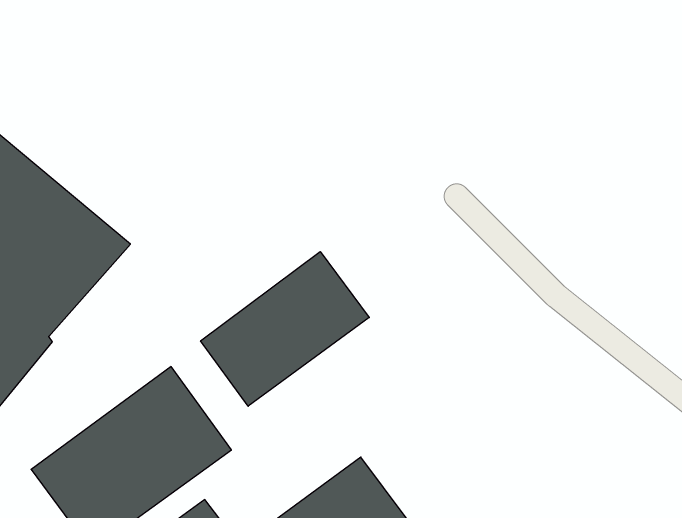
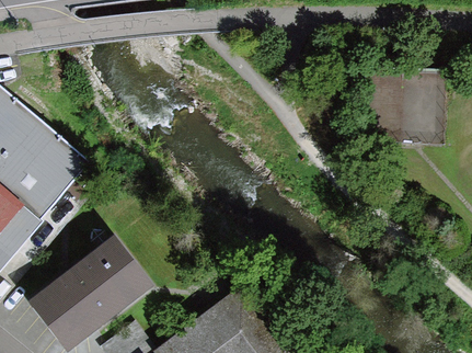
building: [201,252,369,406] -> none

